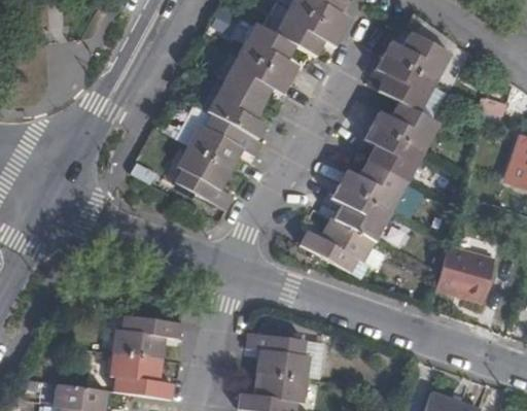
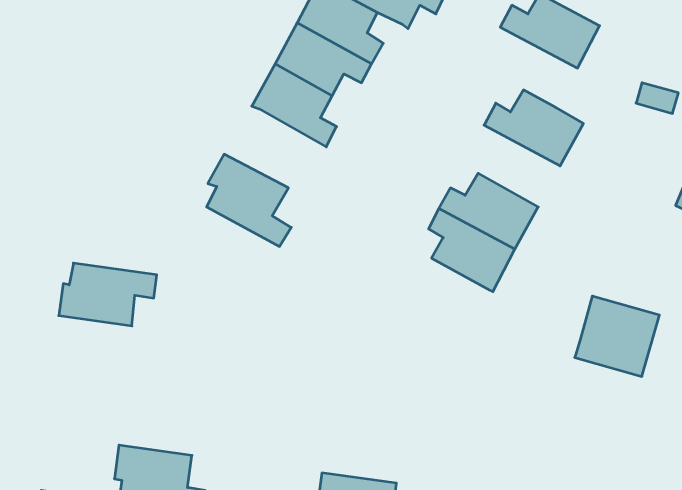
building: [374,56,435,112] -> none
building: [186,113,262,169] -> none
building: [362,125,423,182] -> none
building: [298,216,374,272] -> none
building: [112,313,181,357] -> [59,263,157,326]
building: [244,330,311,377] -> none

